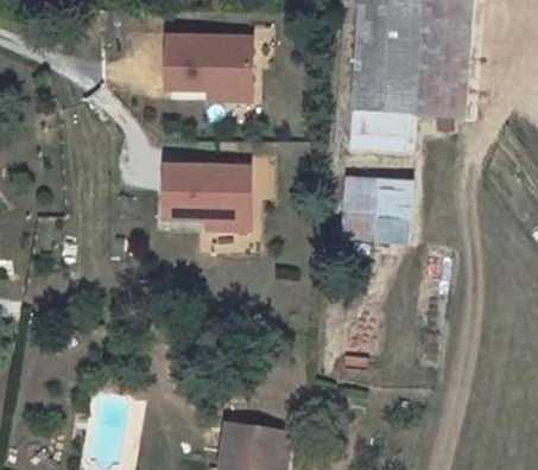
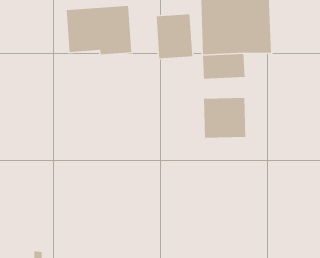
building: none -> [156,13,193,59]
building: [163,163,253,234] -> none

